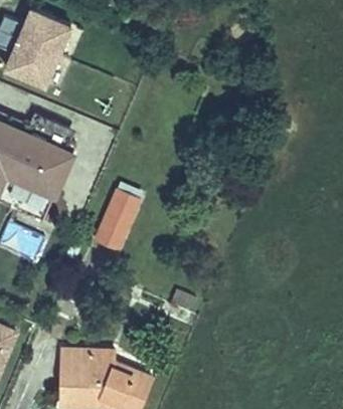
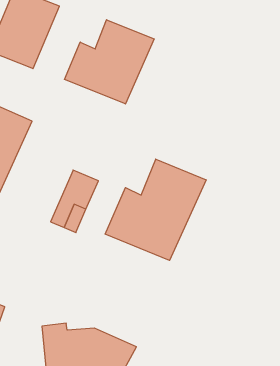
building: none -> [64,20,154,104]
building: none -> [105,159,206,260]

